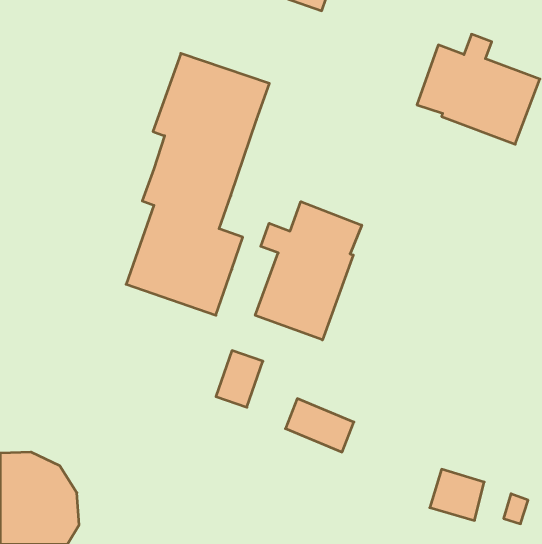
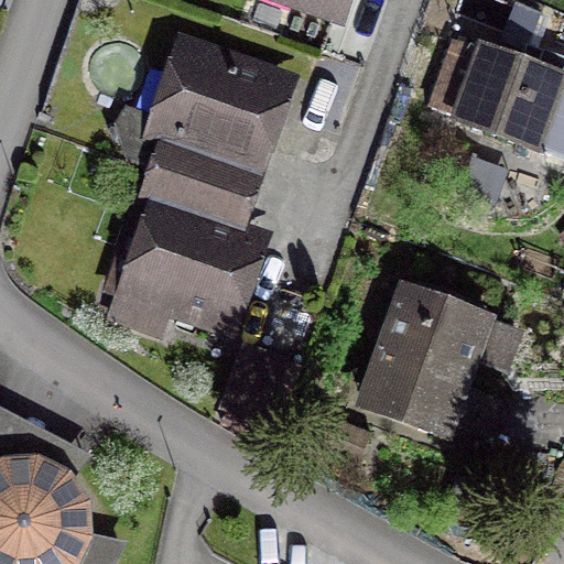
building: [255,202,362,340] -> none
building: none -> [368,291,488,426]

